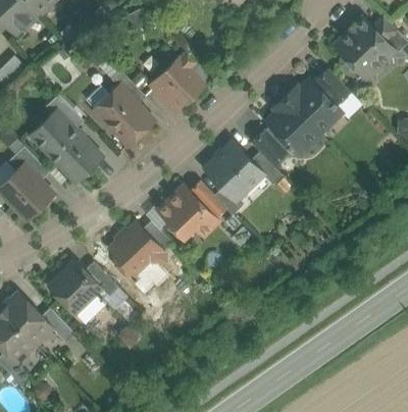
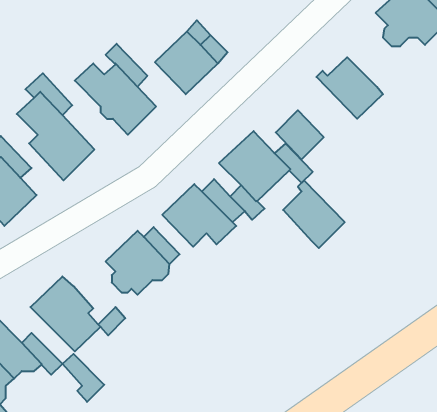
building: [313,70,349,106] -> none
building: [267,98,318,154] -> [283,180,345,248]
building: [84,263,118,303] -> [62,354,104,402]

